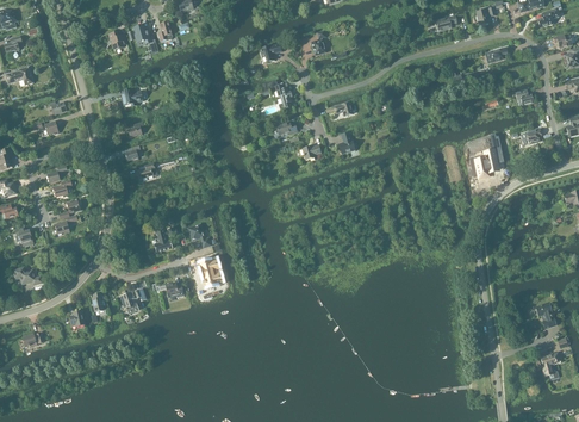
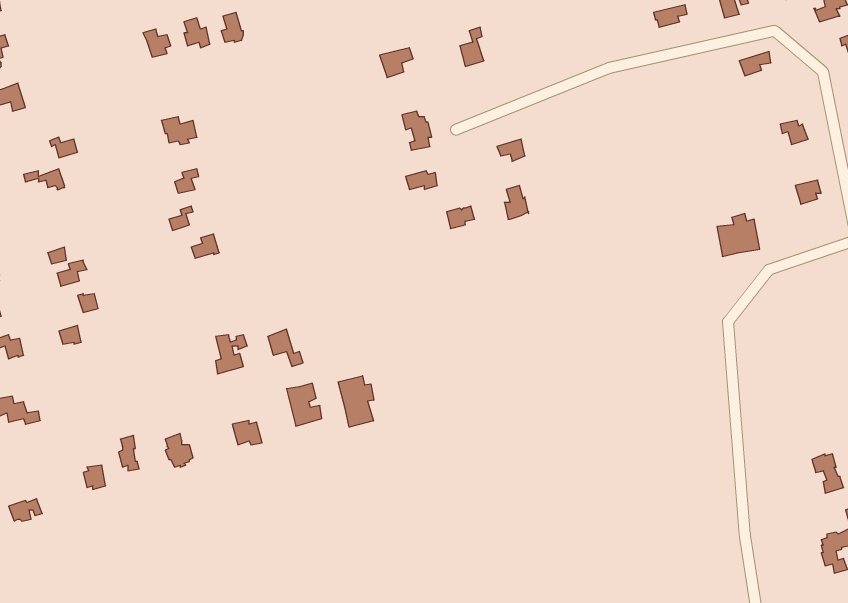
building: none -> [338,376,374,427]

